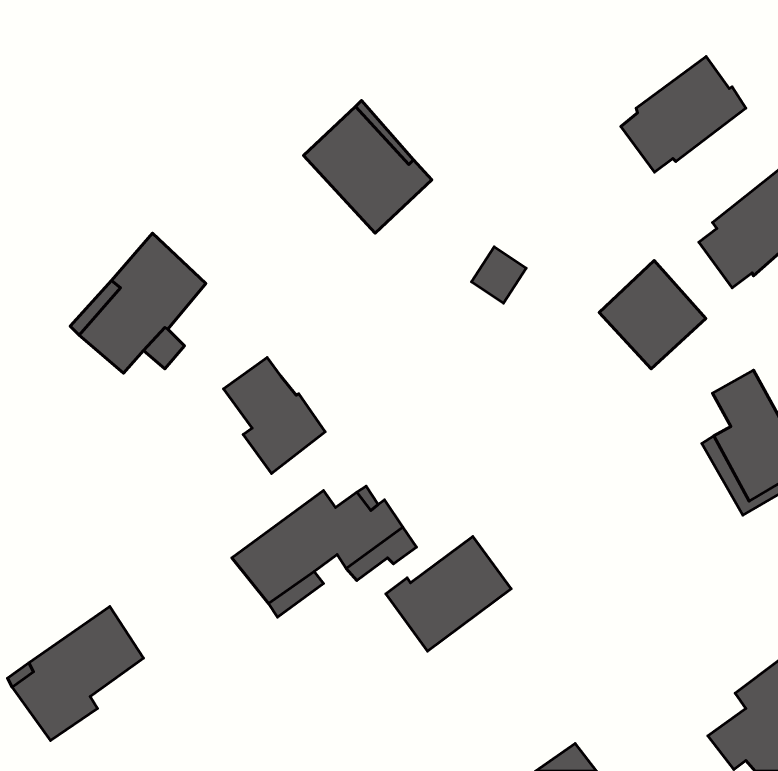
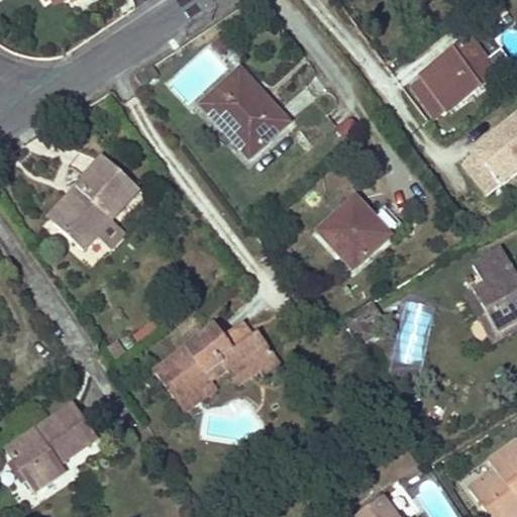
building: [599,261,706,369] -> [319,195,390,267]
building: [223,357,325,474] -> none
building: [386,537,511,651] -> none

